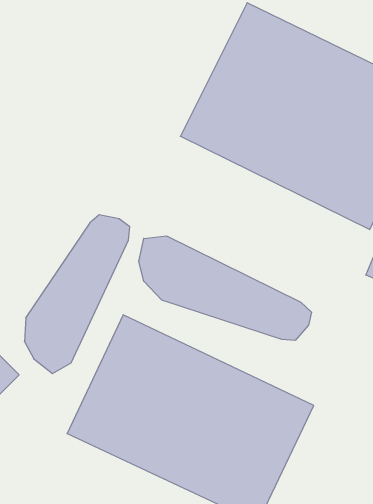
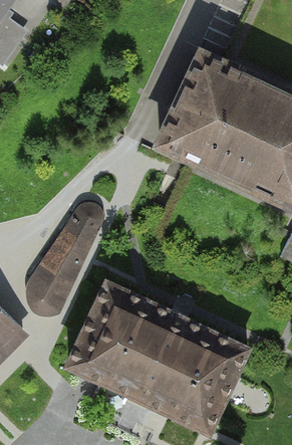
building: [139,236,312,340] -> none

